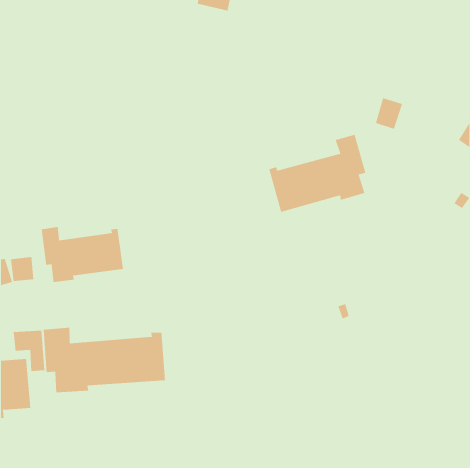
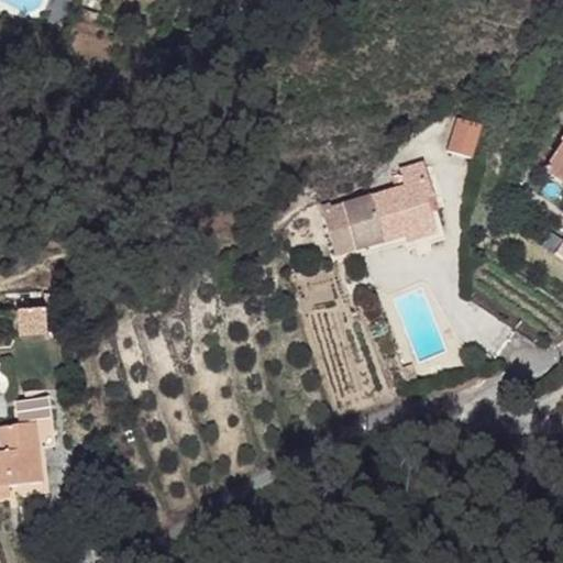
building: [41,226,123,283] -> none
building: [43,327,166,393] -> none

